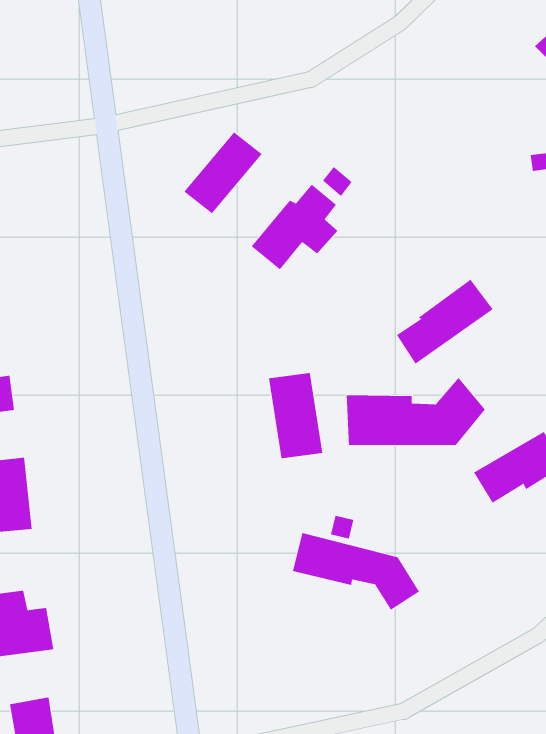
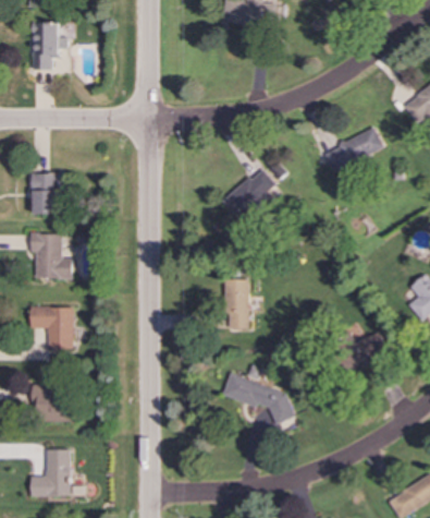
building: [184,131,263,214] -> none
building: [396,279,494,365] -> [324,127,383,172]
building: [346,377,485,446] -> none

